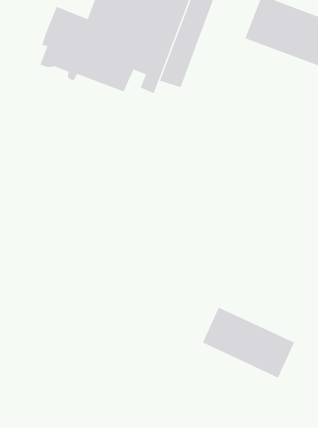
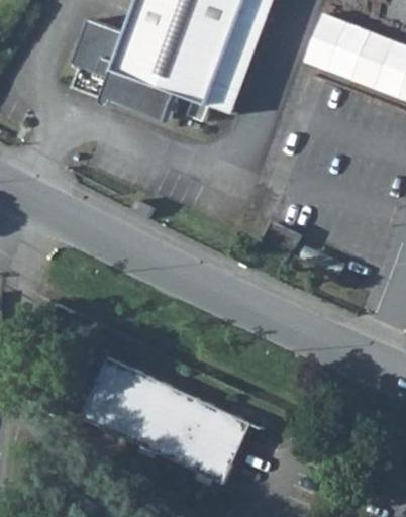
building: none -> [82,357,253,485]
building: [202,307,295,379] -> none

